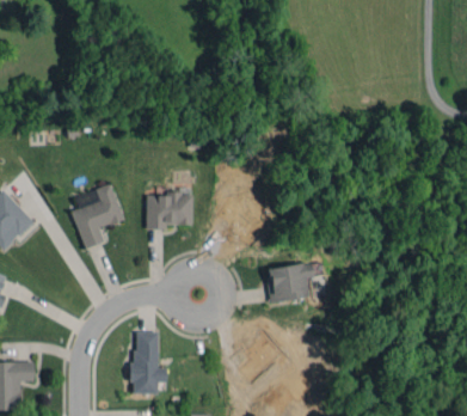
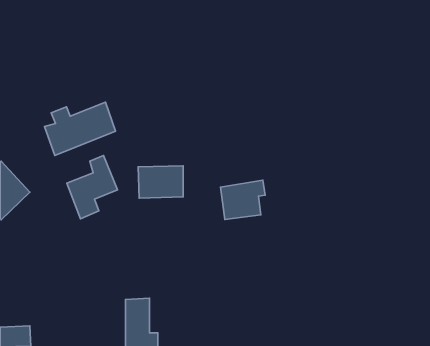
building: none -> [45,102,116,156]
building: [265,262,312,302] -> [220,180,265,219]

